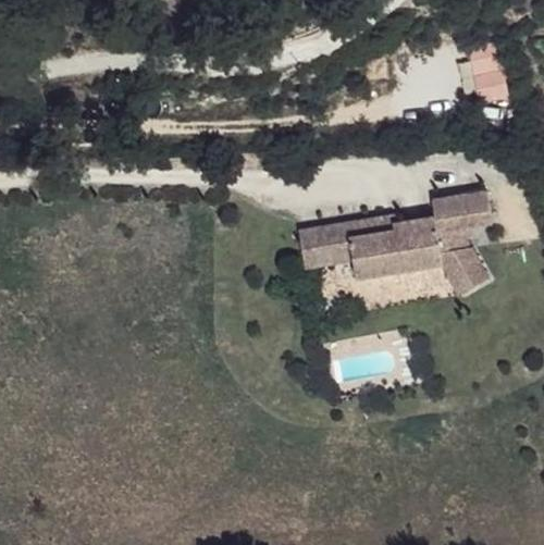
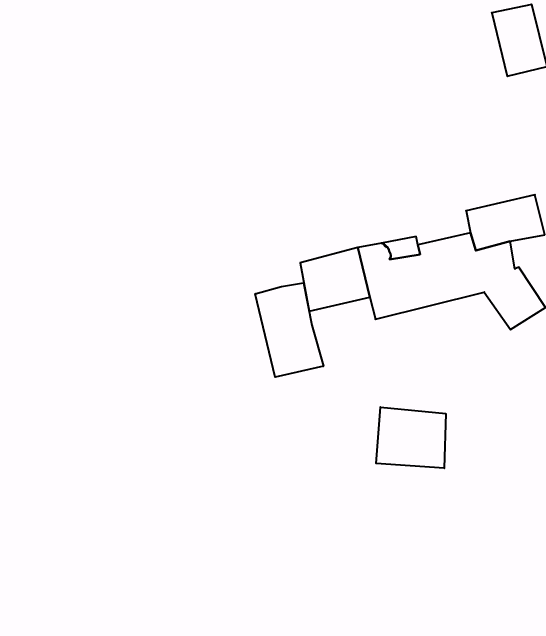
building: none -> [255,283,323,377]
building: none -> [376,407,446,468]

